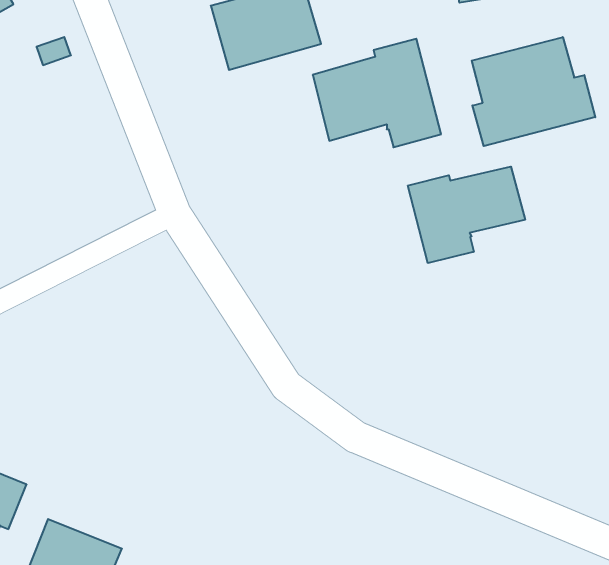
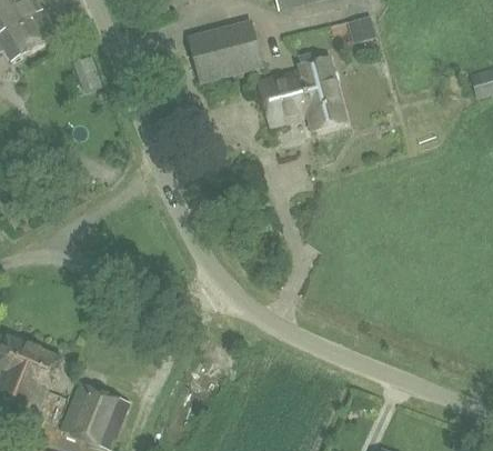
building: [472,37,595,146] -> none
building: [408,167,525,263] -> none

